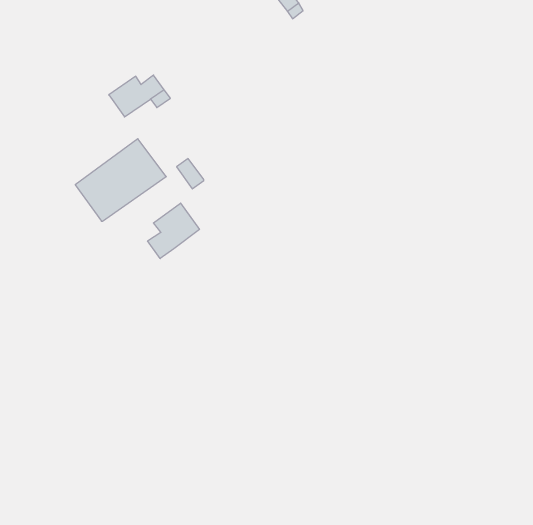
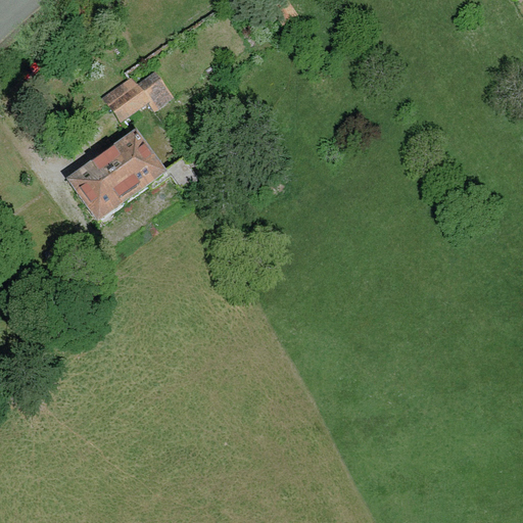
building: [148,203,199,259] -> none

